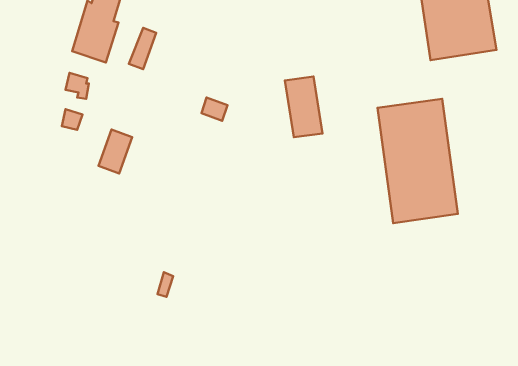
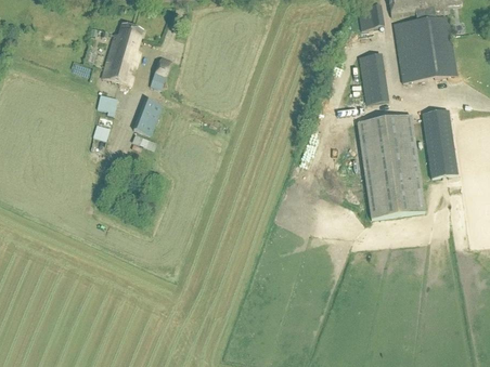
building: [285,76,322,137] -> [358,53,389,104]
building: none -> [421,108,457,178]
building: [98,130,132,173] -> [133,97,162,134]

